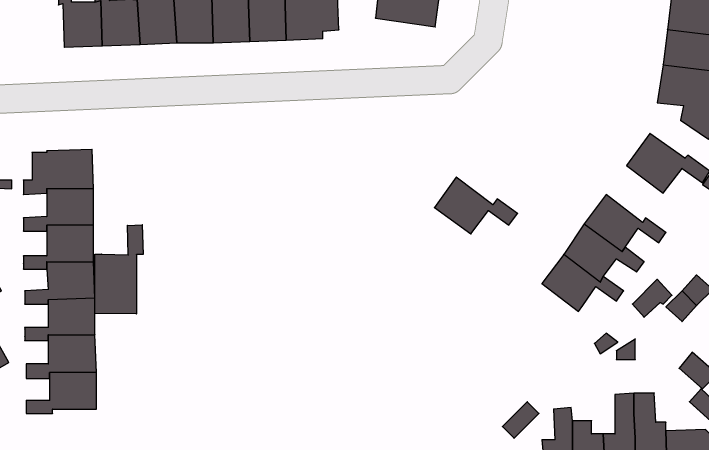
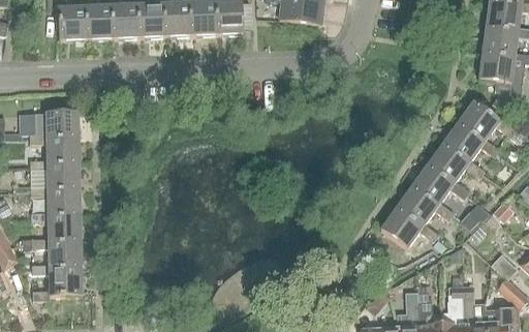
building: none -> [442,123,499,163]
building: [434,177,518,234] -> [381,207,440,247]
building: [95,225,143,314] -> none

